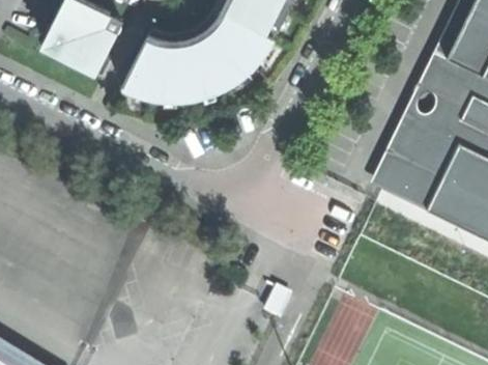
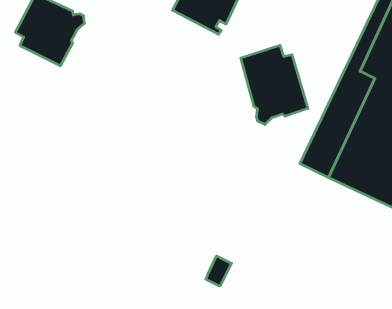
building: [125,12,278,102] -> none
building: none -> [241,45,308,125]

